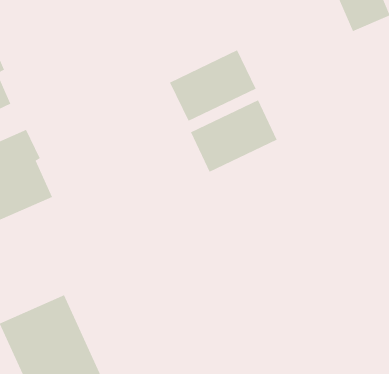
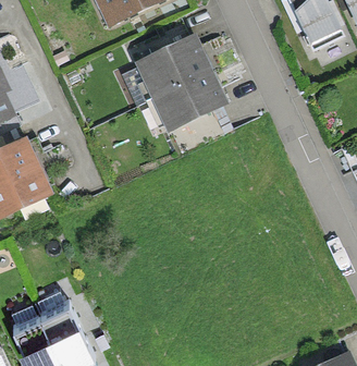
building: [190,99,278,173] -> [135,33,210,96]

